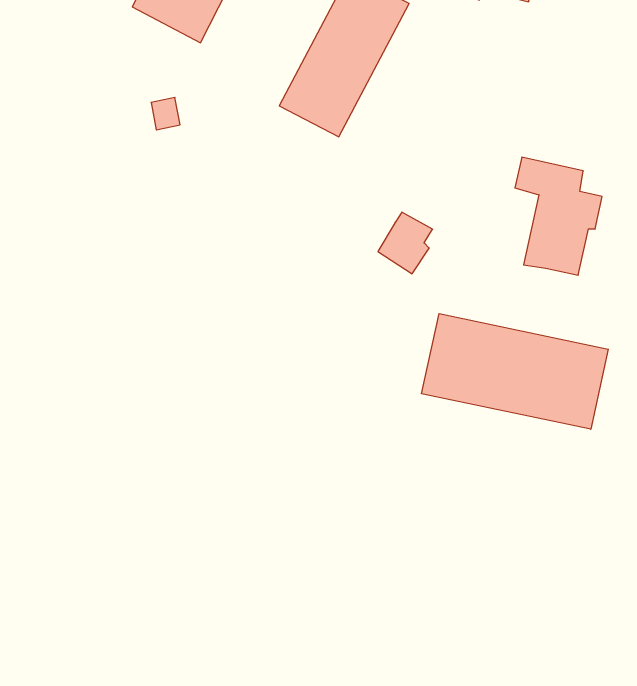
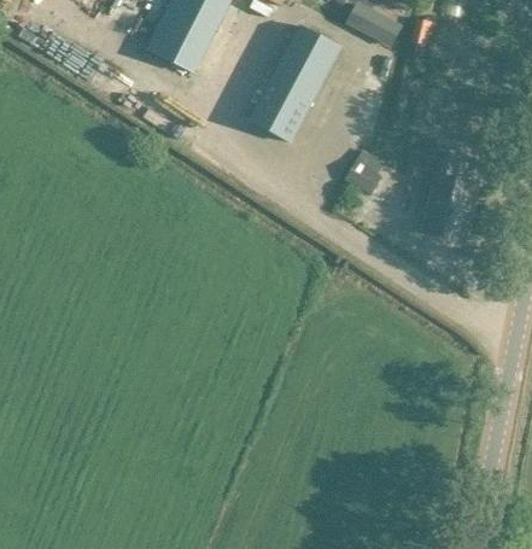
building: [378,212,433,274] -> [346,150,385,193]
building: [422,314,608,429] -> none

